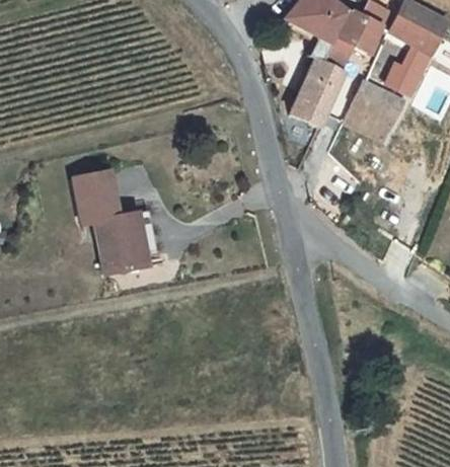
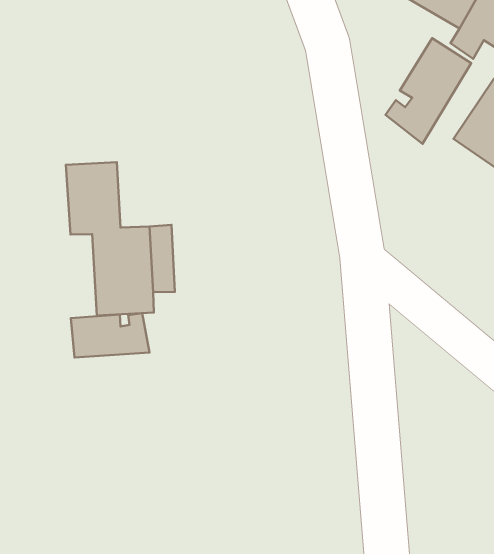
building: none -> [71,313,149,357]

